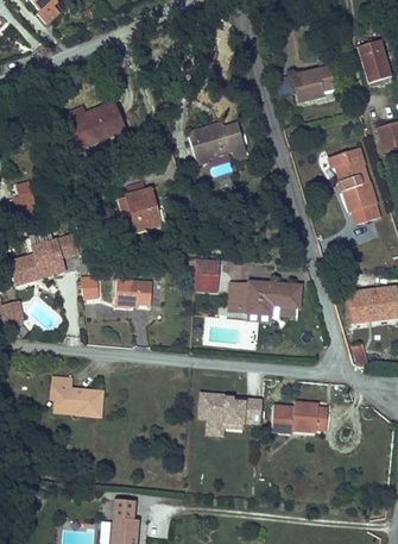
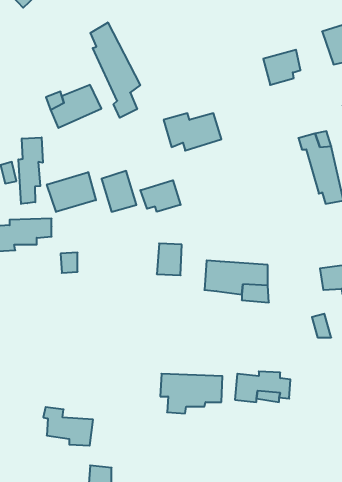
building: none -> [90,22,140,118]
building: none -> [18,137,43,204]
building: none -> [47,172,96,212]
building: none -> [140,180,181,212]
building: [113,280,151,308] -> none
building: [46,379,99,419] -> [43,407,93,446]

